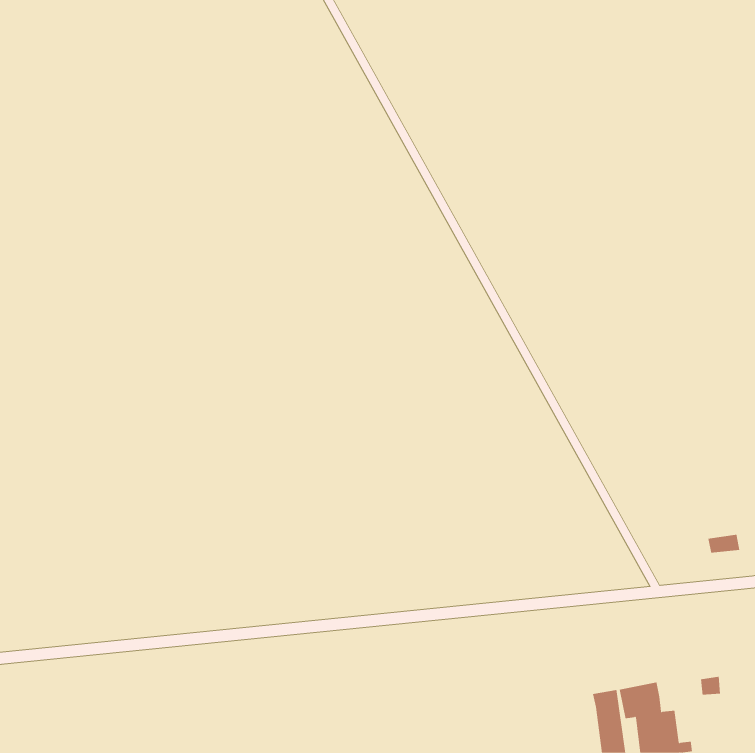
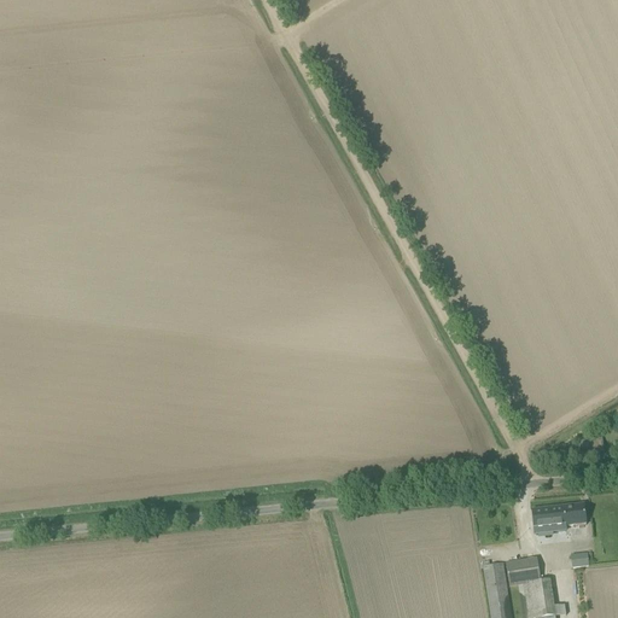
building: none -> [532,503,587,532]

